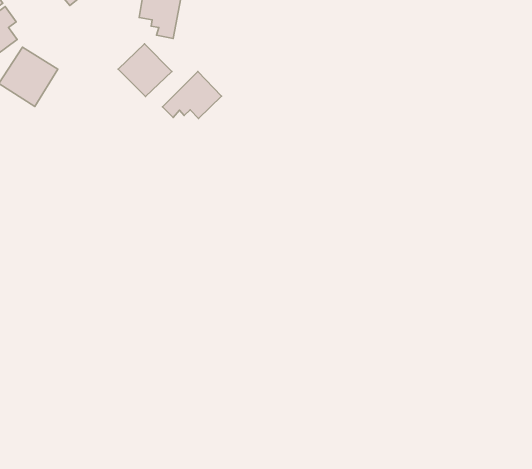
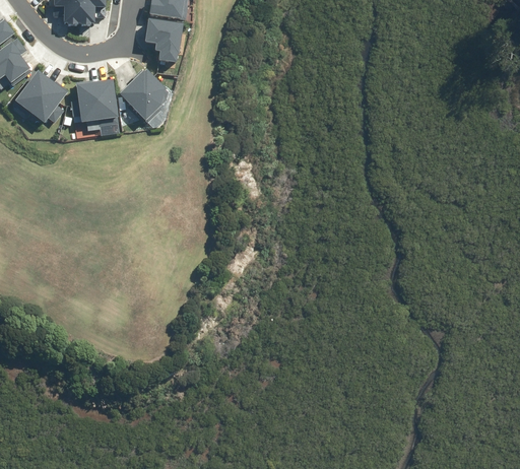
building: none -> [76,79,116,121]
building: [162,72,222,119] -> none

